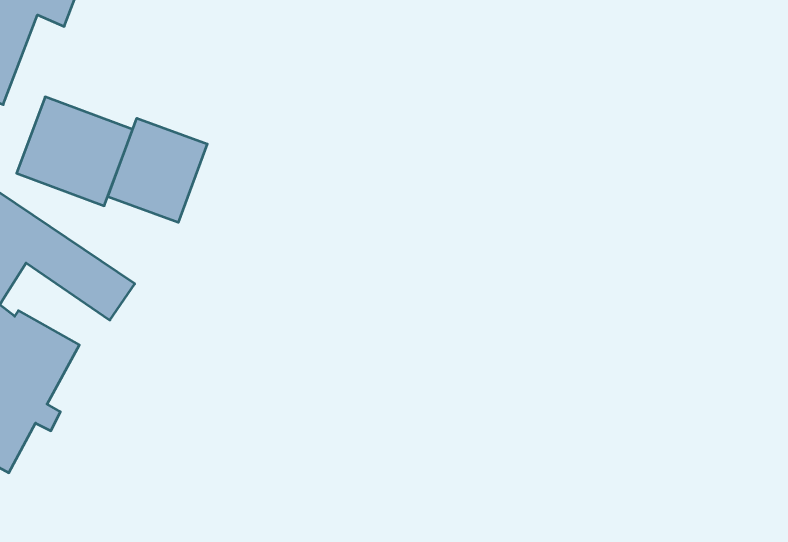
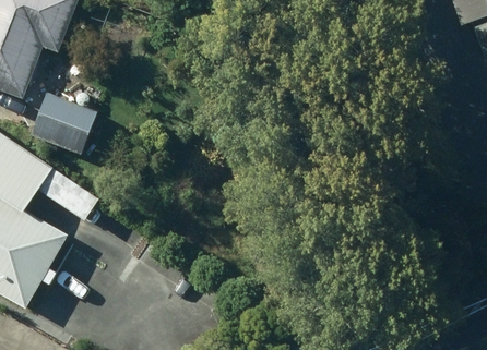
building: [108,118,207,222] -> none

